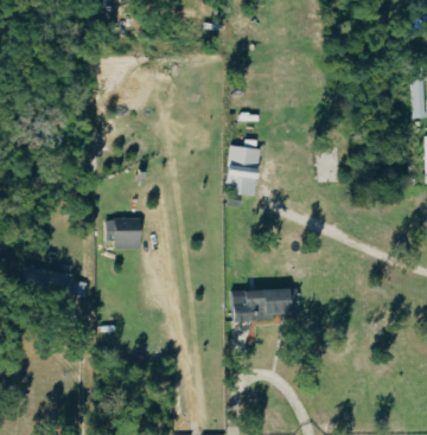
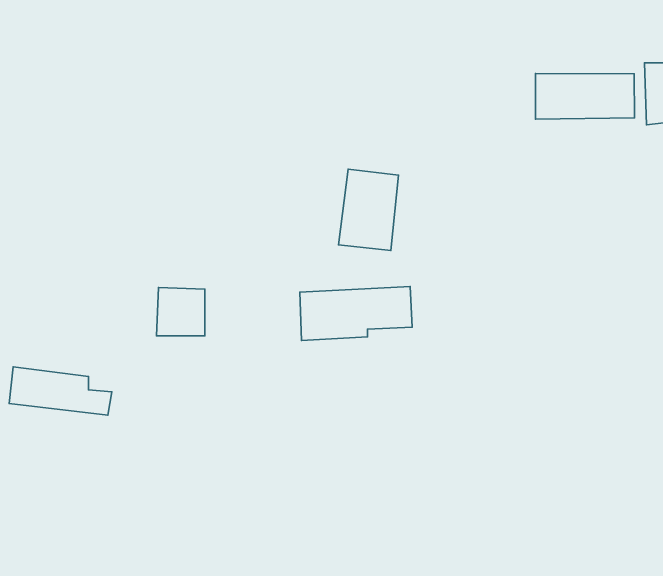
building: none -> [535,73,634,119]
building: [231,288,300,321] -> [300,286,412,341]

